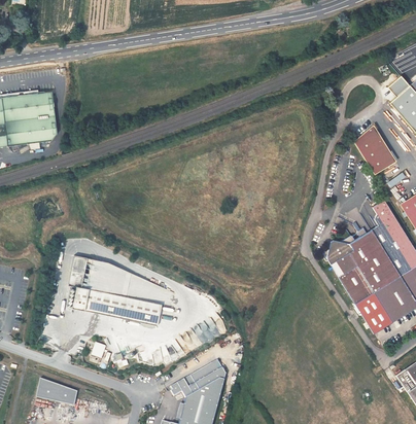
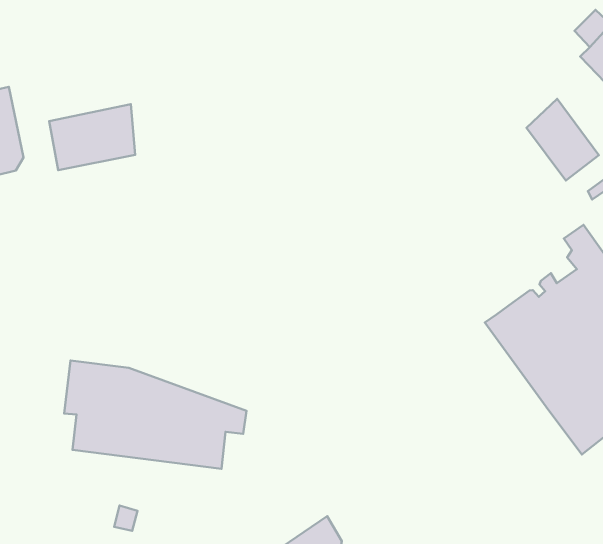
building: none -> [49,104,135,170]

